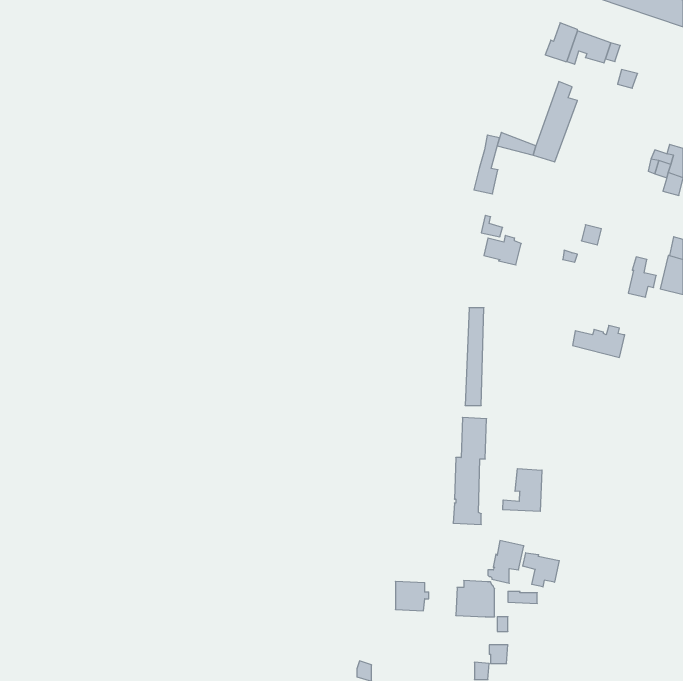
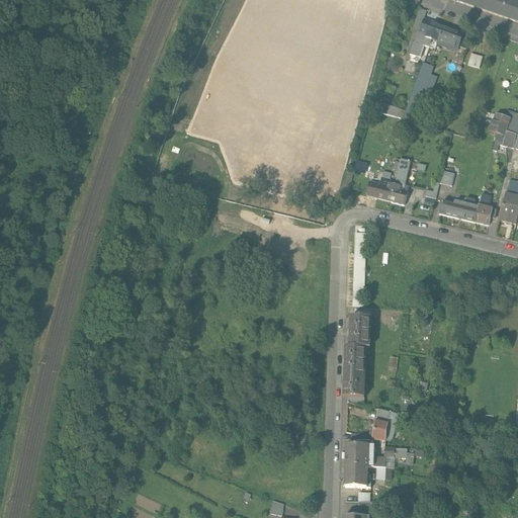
building: [474,135,499,194] -> [391,159,410,203]
building: [573,325,625,357] -> [440,197,480,222]
building: [503,469,542,511] -> none
building: [523,553,559,587] -> none
building: [395,581,429,611] -> [345,465,370,488]

